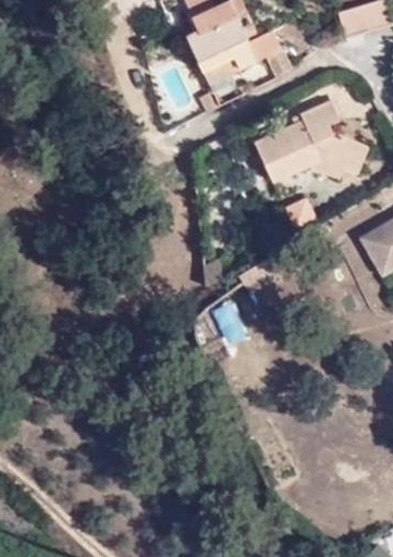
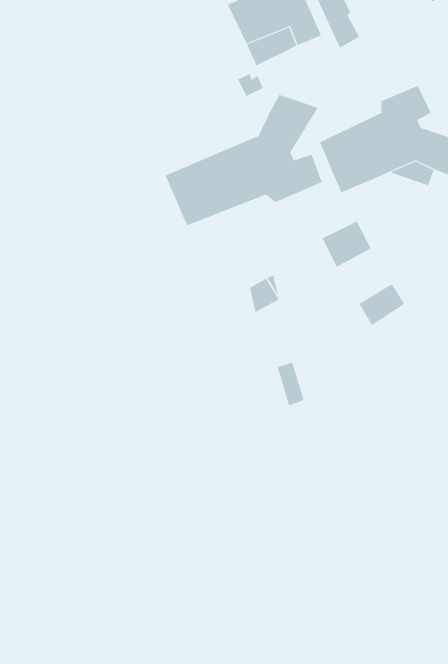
building: none -> [165,94,323,226]

